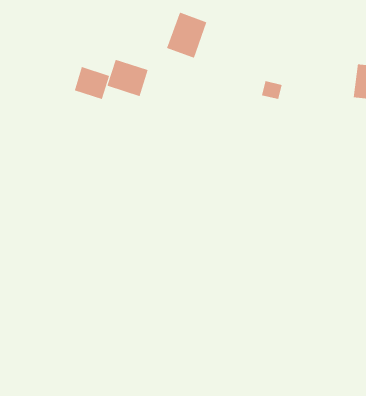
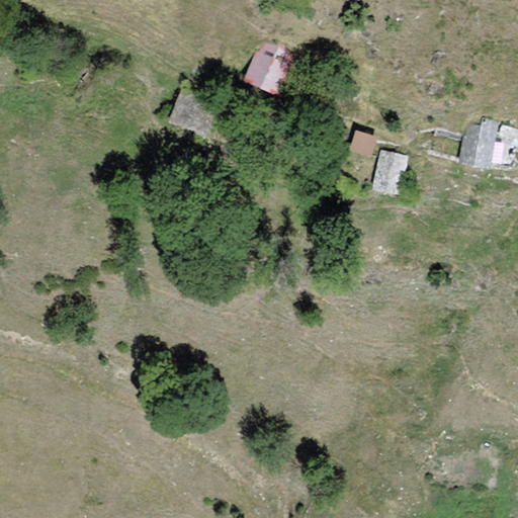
building: [74,66,110,100] -> none
building: none -> [372,150,407,193]

